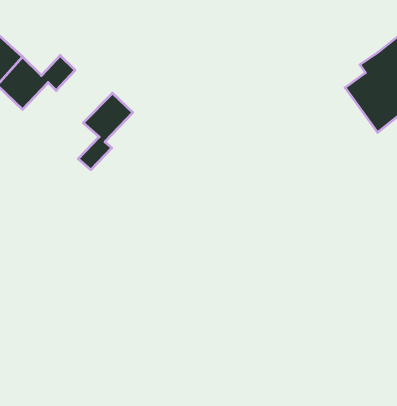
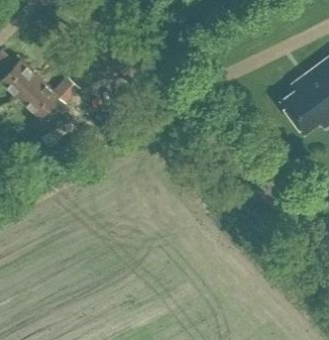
building: [78,93,133,170] -> none

